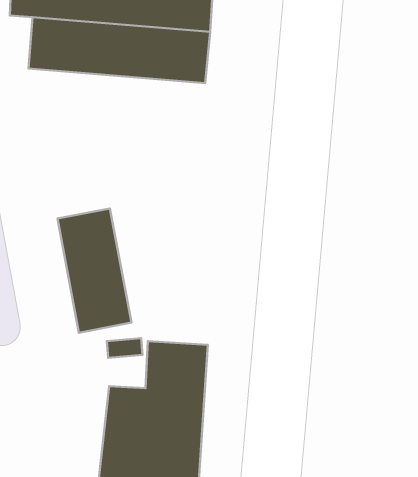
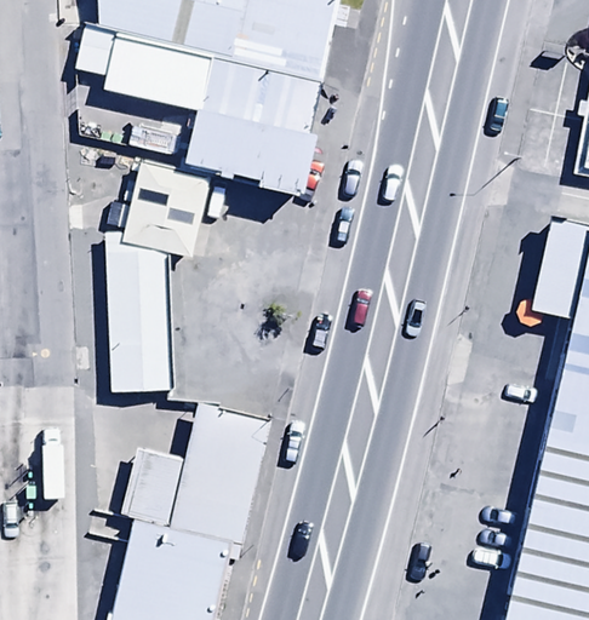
building: none -> [178,103,309,185]
building: none -> [120,156,208,254]

